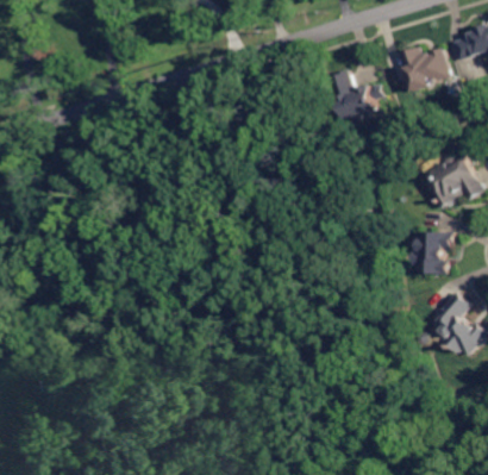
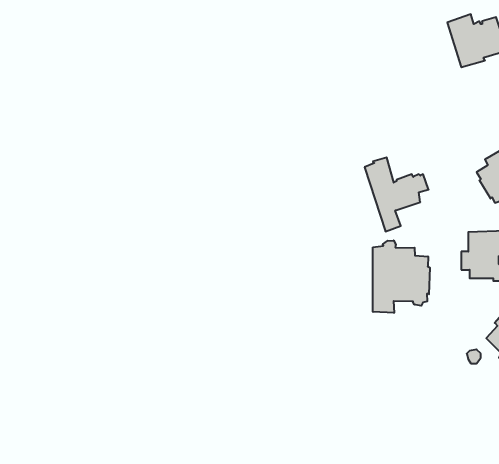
building: [327,70,382,133] -> [365,157,429,231]
building: none -> [373,240,430,313]

